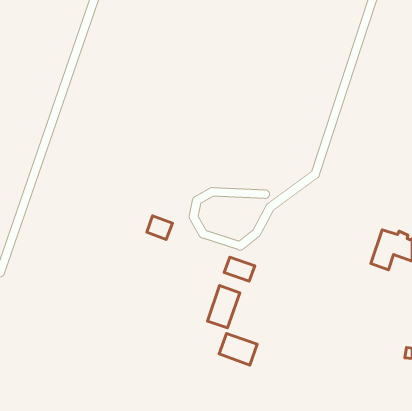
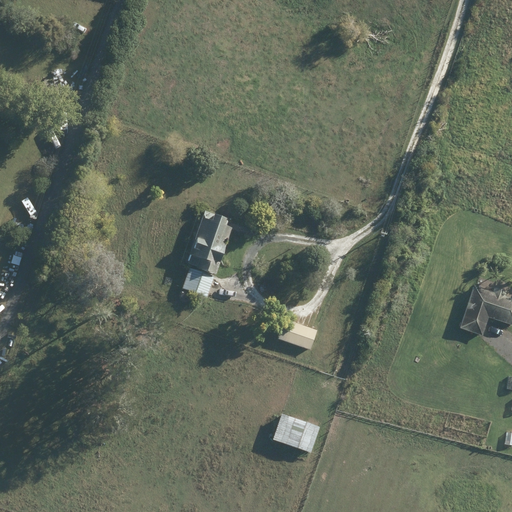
building: none -> [187,211,231,275]
building: [207,285,240,328] -> none

